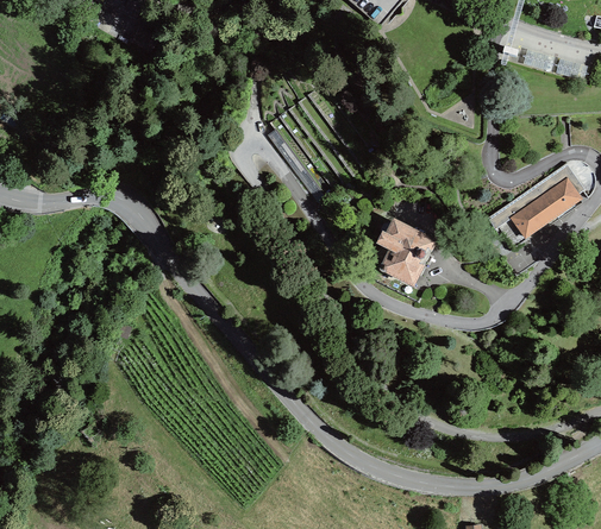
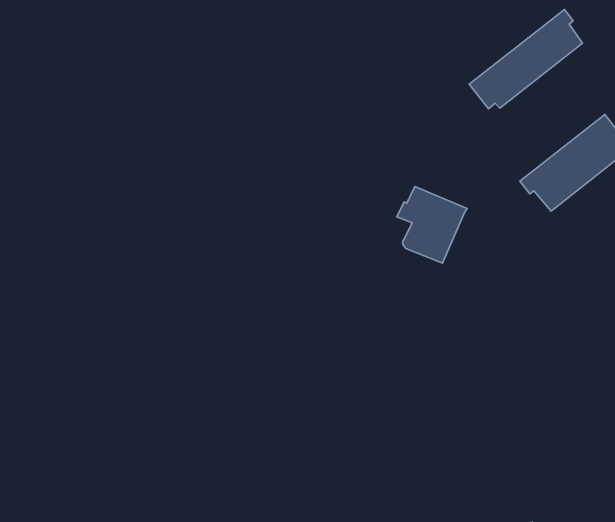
building: none -> [469,9,583,109]

